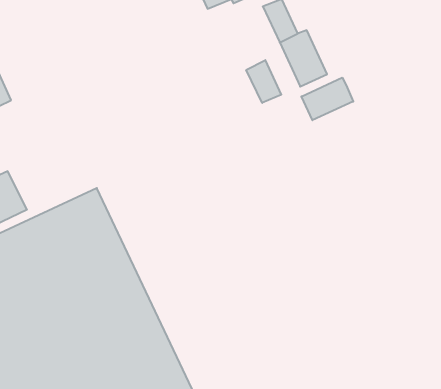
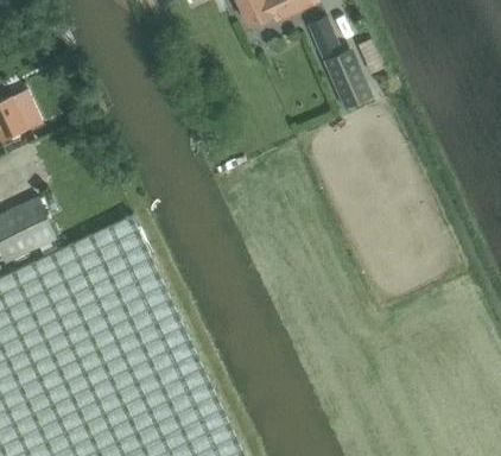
building: [246,60,281,103] -> none
building: [301,78,353,120] -> none

